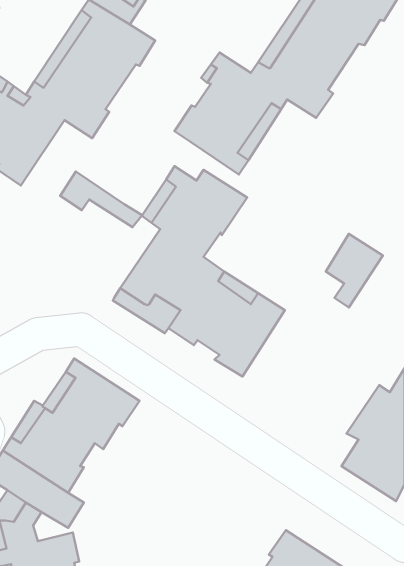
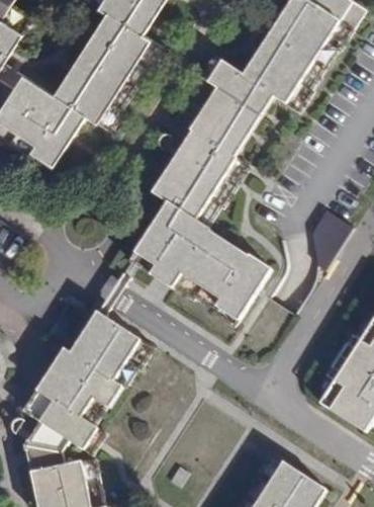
building: [60,172,142,227] -> [179,129,248,175]

